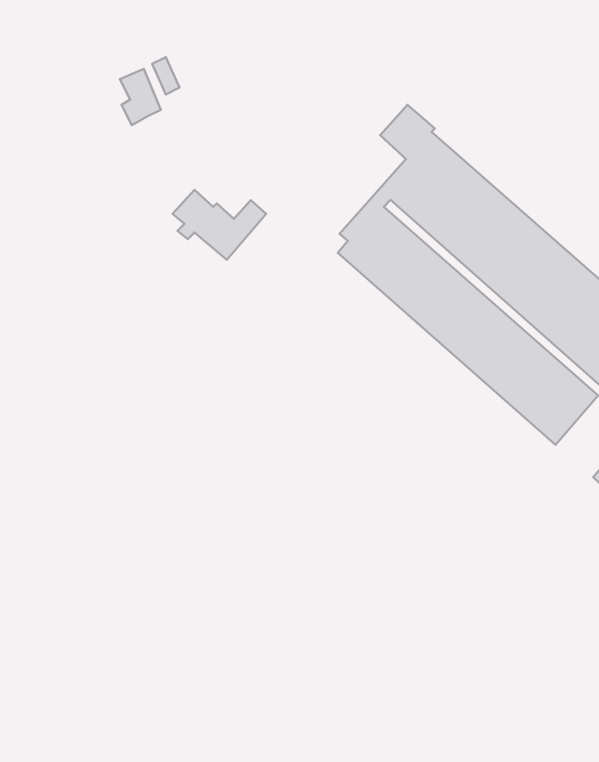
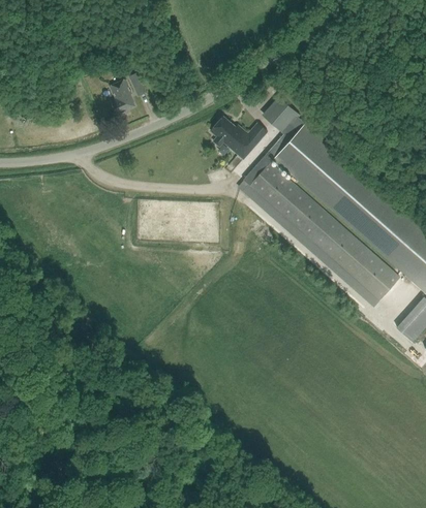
building: [172,190,266,260] -> [210,116,267,158]

